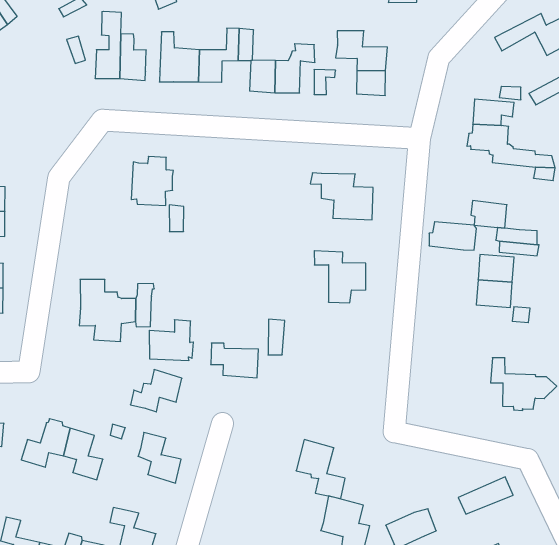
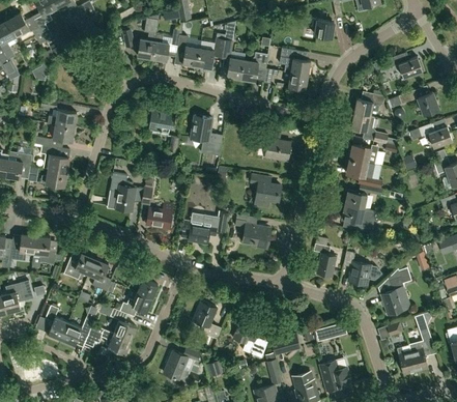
building: none -> [191,116,223,155]
building: [429,222,476,250] -> [347,145,376,165]
building: none -> [235,214,269,249]
building: none -> [313,243,337,278]
building: [130,370,182,412] -> [119,292,151,317]
building: [296,440,345,498] -> [193,303,221,340]

